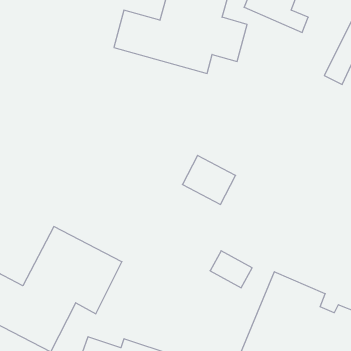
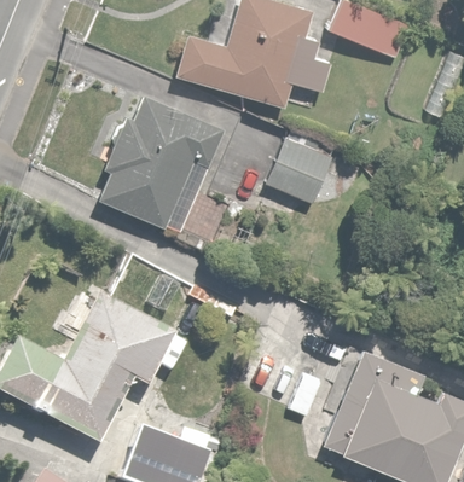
building: none -> [97,95,224,233]
building: [182,155,236,204] -> [266,145,330,204]

